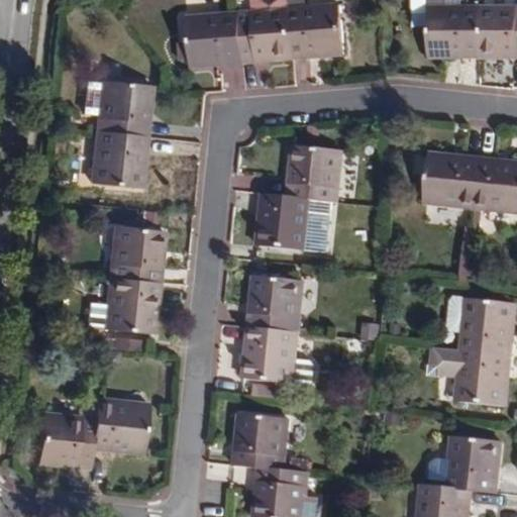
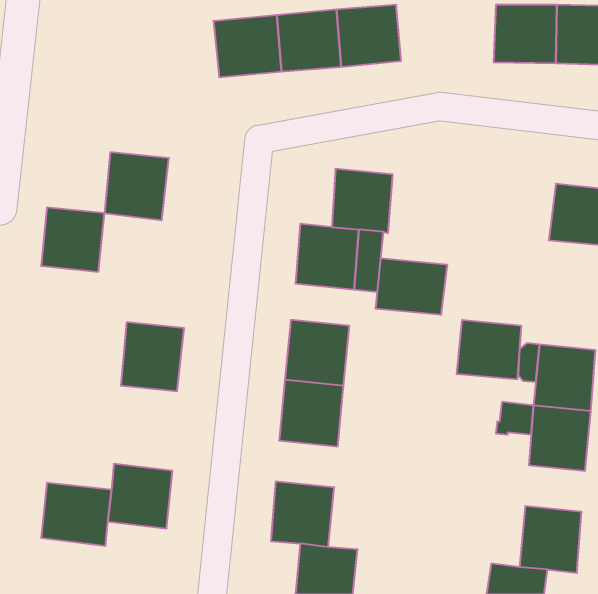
building: [96,81,150,136] -> none
building: [422,153,480,207] -> none
building: none -> [376,258,447,315]
building: [110,227,165,283] -> [41,207,104,272]
building: none -> [457,320,521,379]

